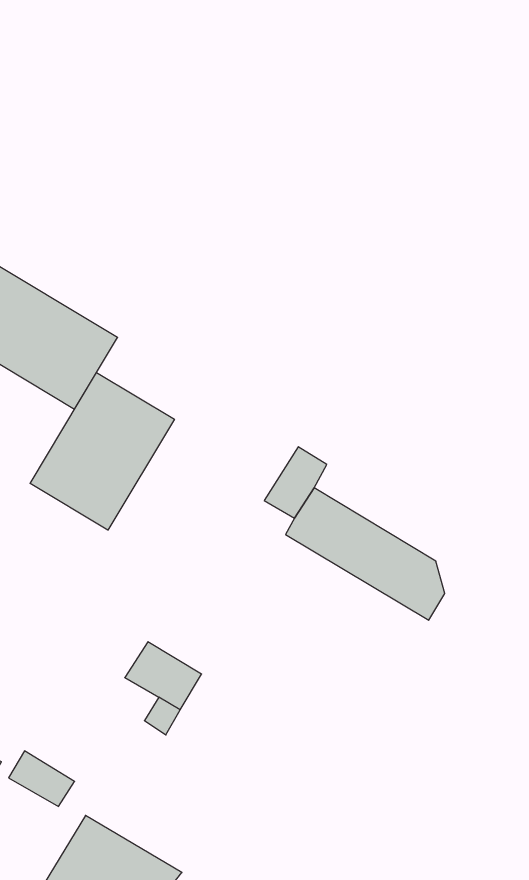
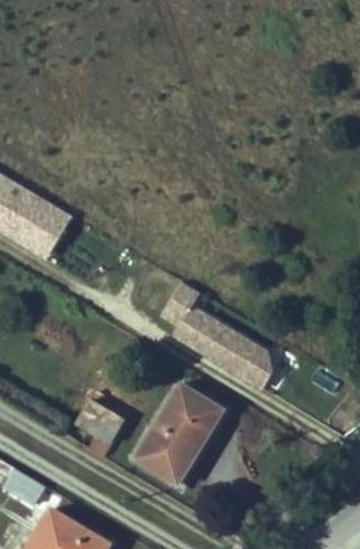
building: [30,373,174,530] -> none
building: none -> [135,383,225,485]

